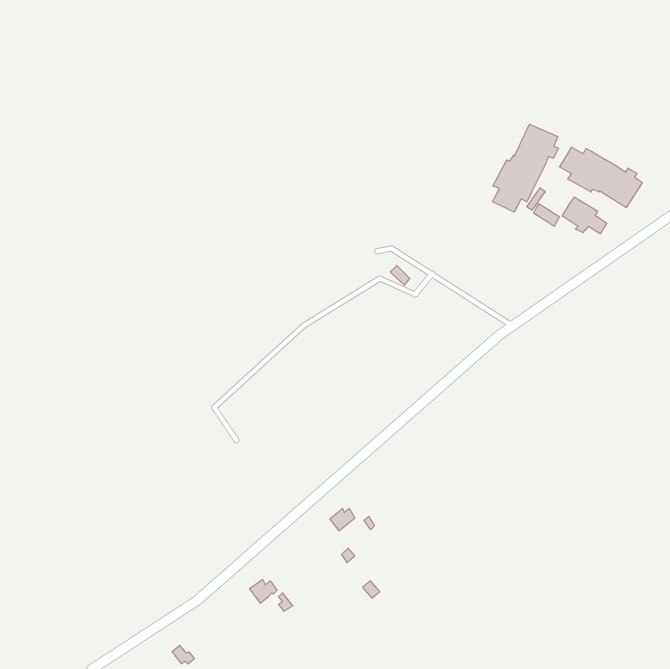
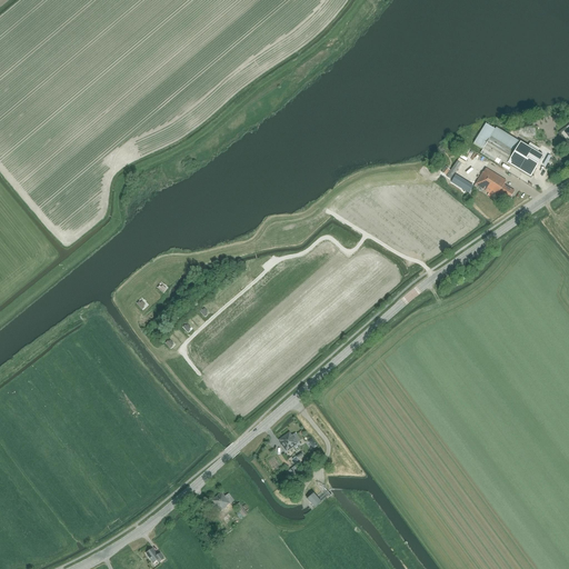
building: [493,124,558,212] -> none

